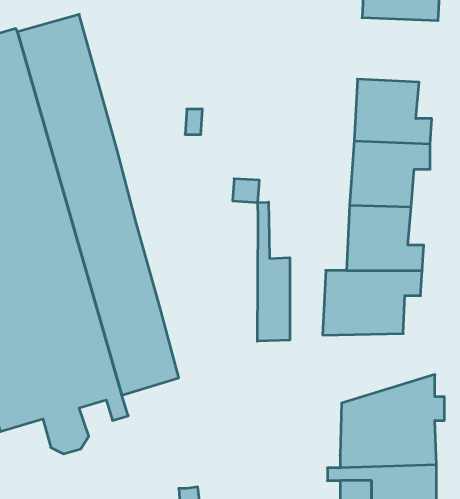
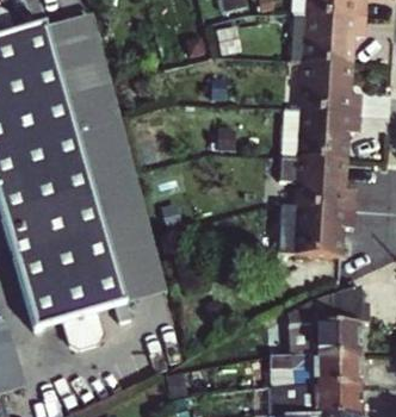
building: none -> [302,15,363,64]
building: [257,202,290,341] -> none

